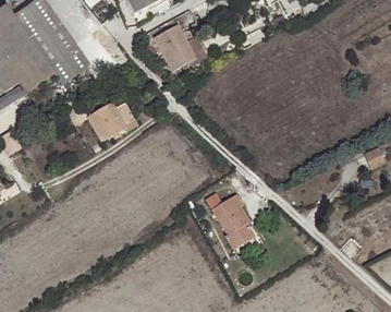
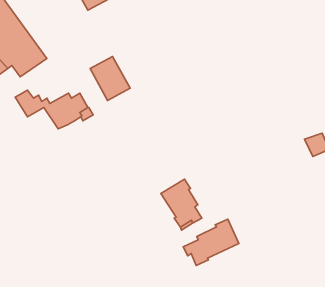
building: [152,23,195,70] -> [90,56,130,100]
building: none -> [183,219,239,266]

